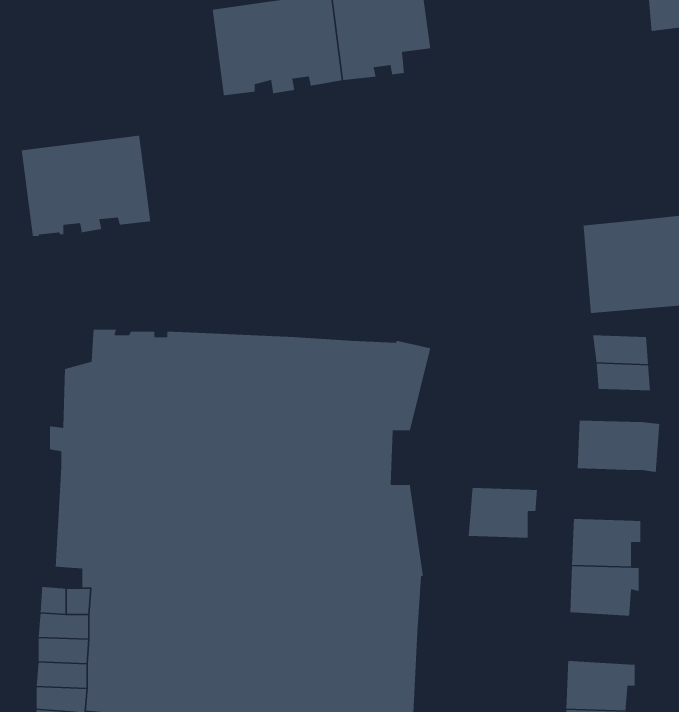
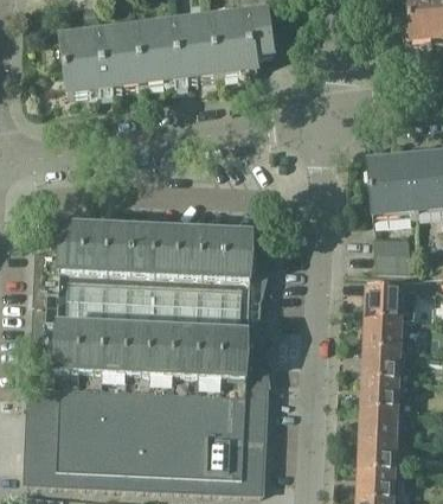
building: [21,135,151,237] -> [62,25,143,89]
building: [468,487,538,538] -> [362,313,406,345]
building: none -> [359,403,403,435]

